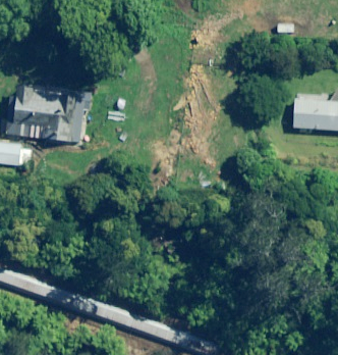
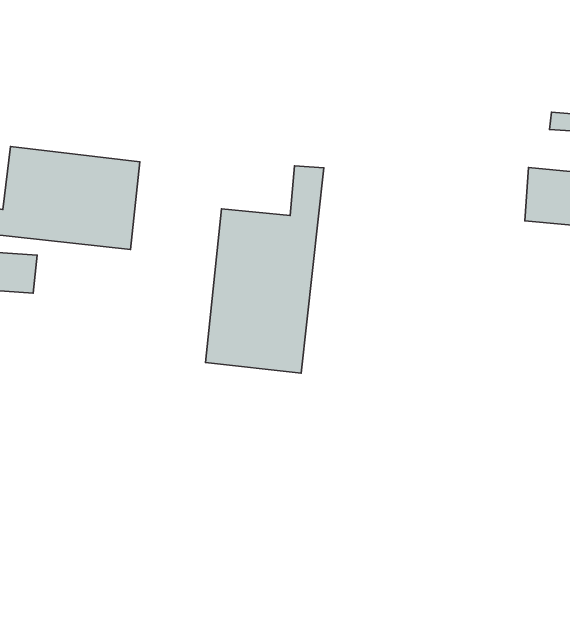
building: none -> [206,166,324,373]

